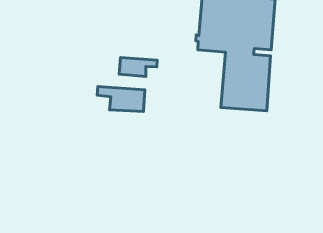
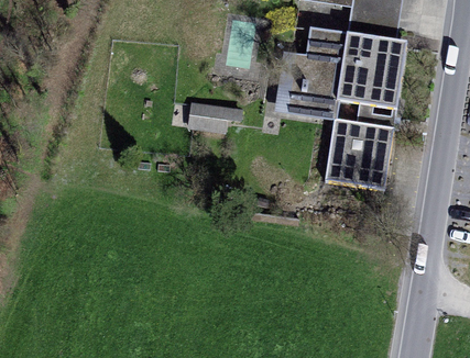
building: [97,87,145,111] -> none

